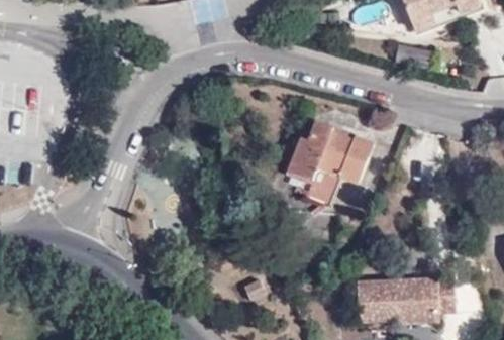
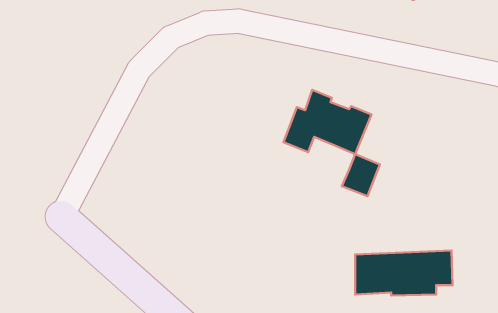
building: [304,165,341,207] -> [342,154,380,196]

